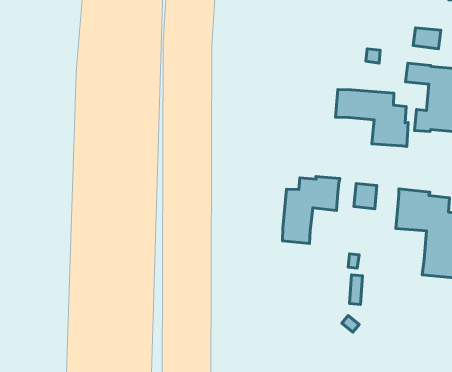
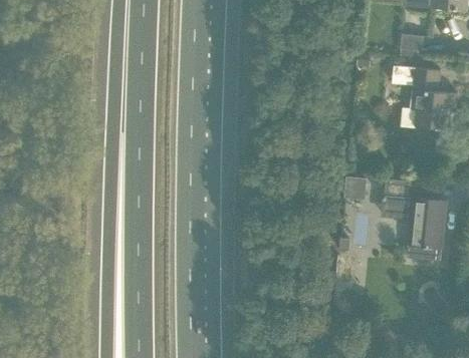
building: [336,89,408,147] -> none
building: [282,176,340,243] -> none

